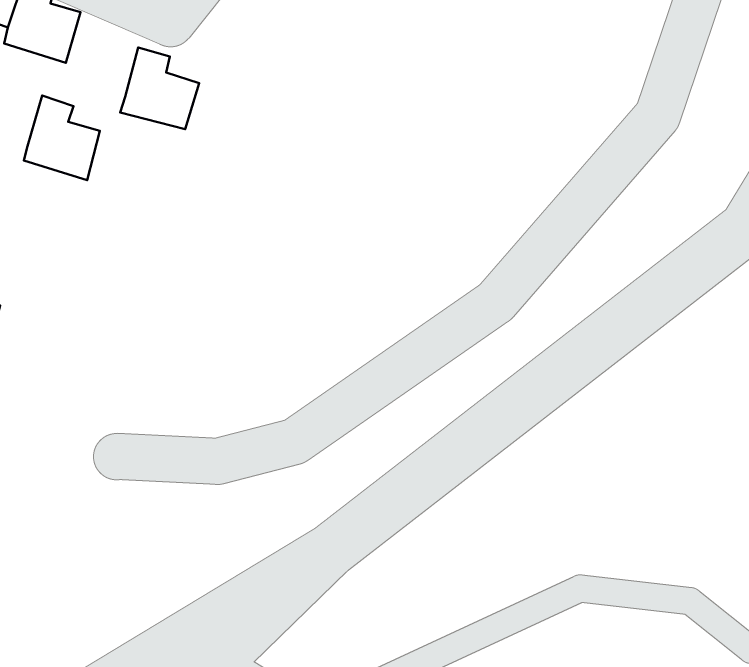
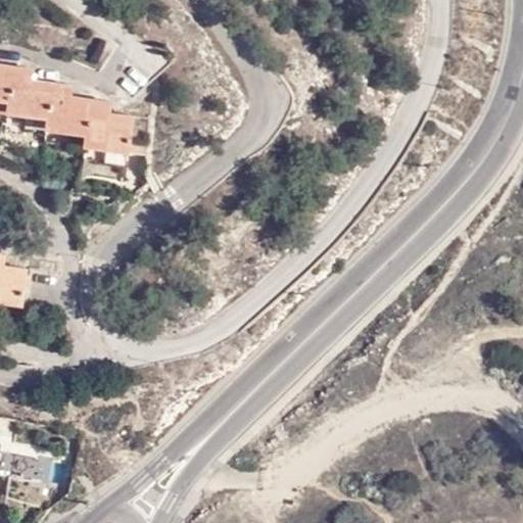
building: [24,96,100,180] -> [45,85,90,134]

